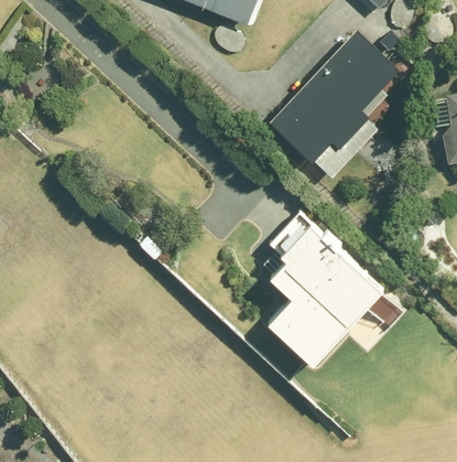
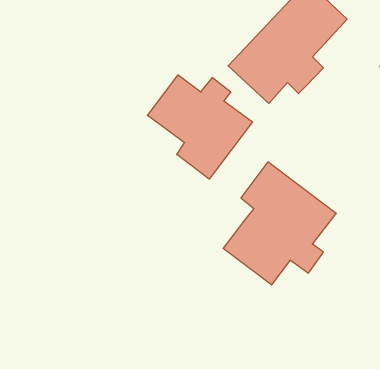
building: none -> [147,75,252,179]

